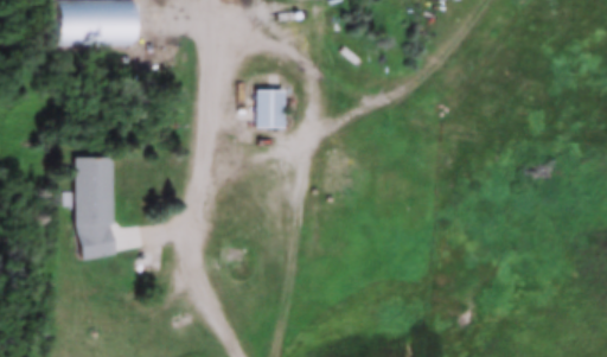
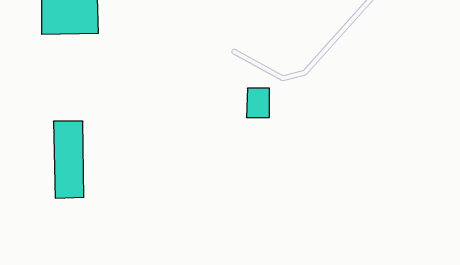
building: [254,90,283,128] -> [246,88,269,117]

